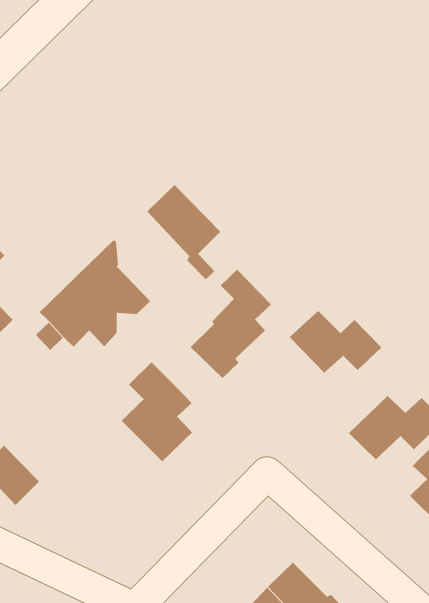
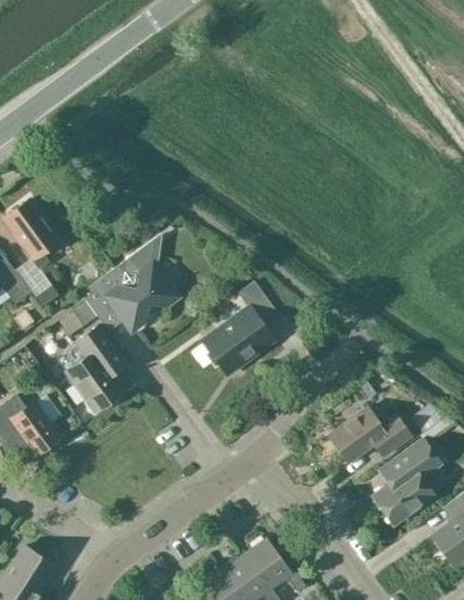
building: [147,184,221,280] -> none
building: [289,310,382,373] -> none
building: [121,362,193,462] -> [64,326,128,413]

